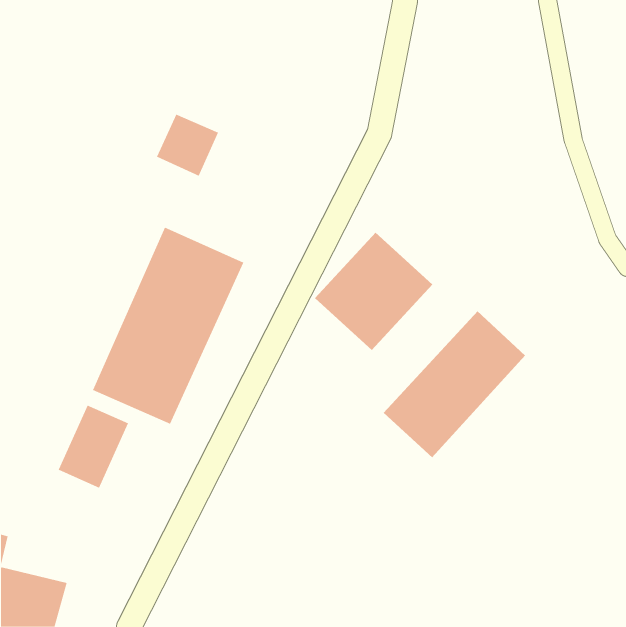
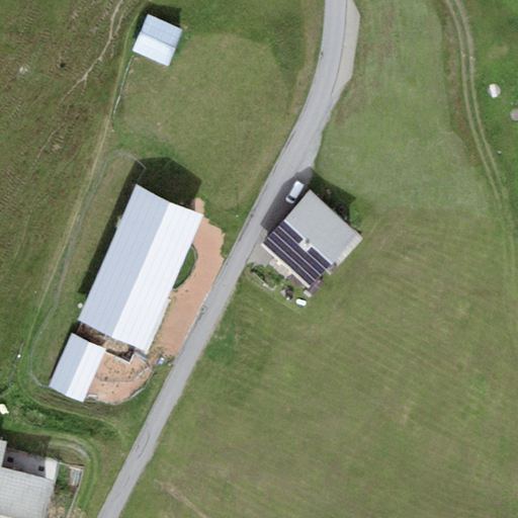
building: [156,114,219,177] -> [134,15,185,67]
building: [383,311,526,458] -> none

